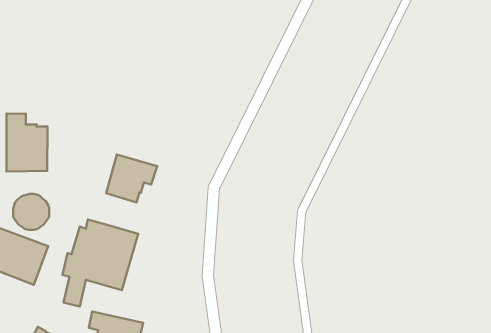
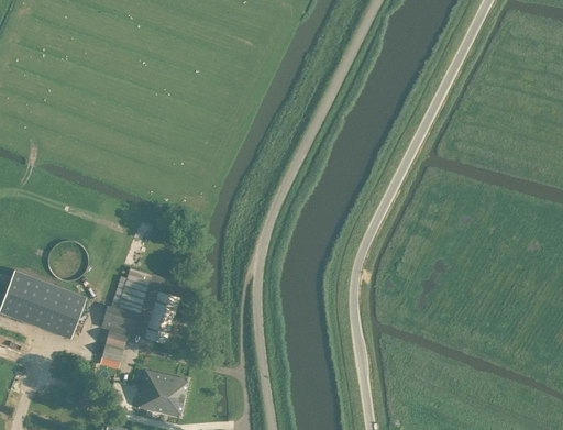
building: [7,113,47,172] -> none
building: [106,154,157,203] -> none

